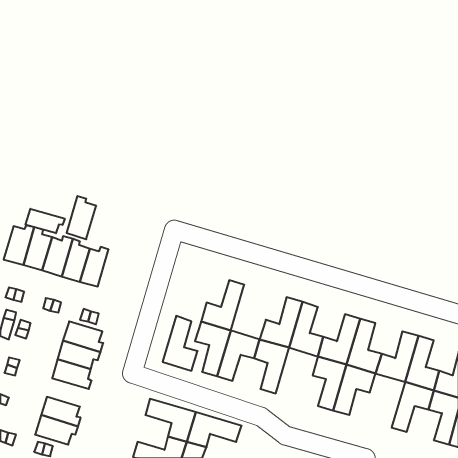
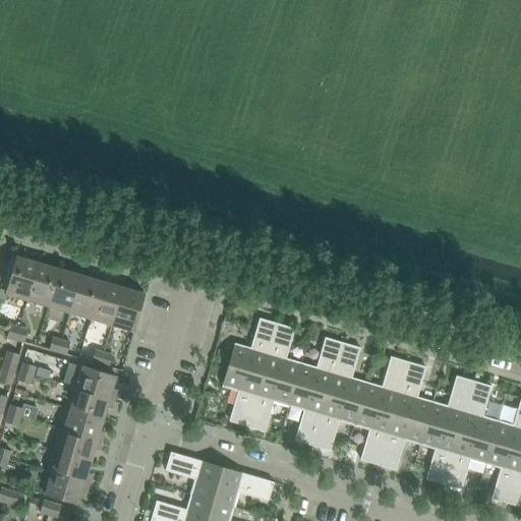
building: [67,196,96,239] -> [112,283,146,332]
building: [26,209,65,233] -> none
building: [163,316,198,371] -> [263,323,302,385]
building: none -> [313,394,361,451]
building: none -> [420,423,460,484]
building: none -> [54,428,102,461]

